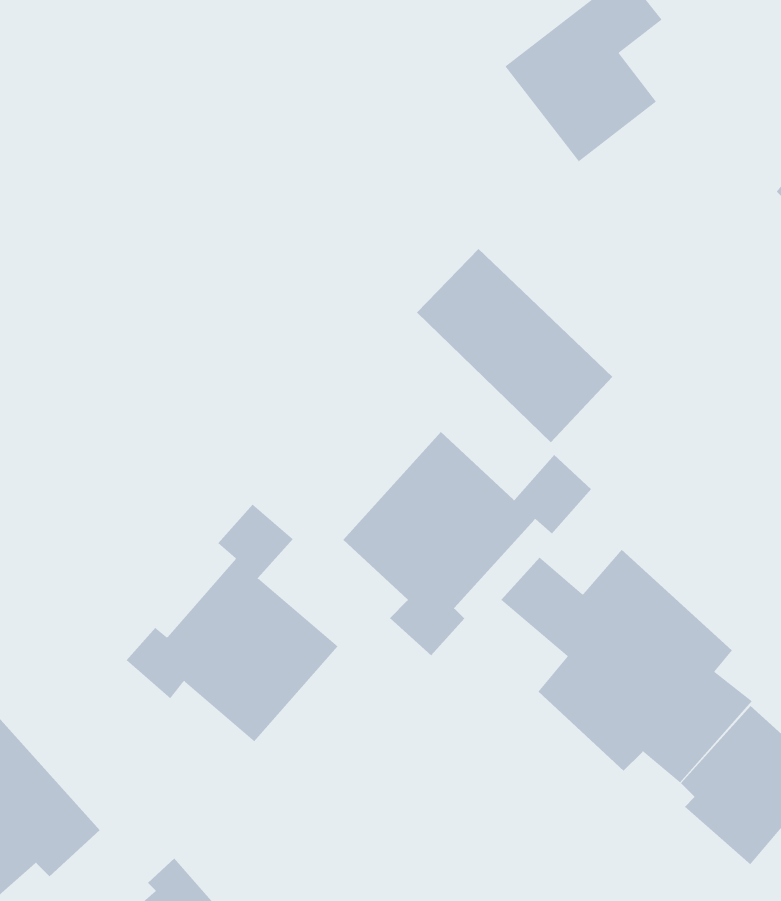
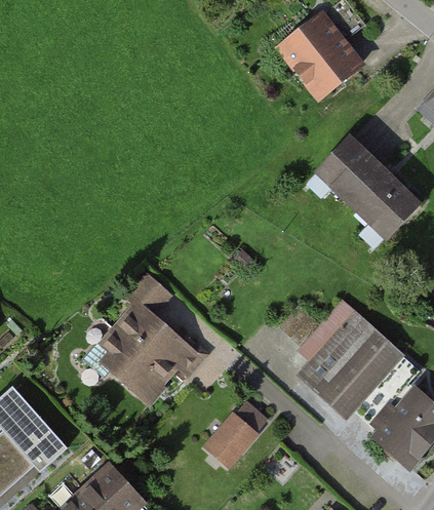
building: [416,248,613,443] -> [316,136,420,239]
building: [342,431,592,656] -> none
building: none -> [206,402,267,466]

